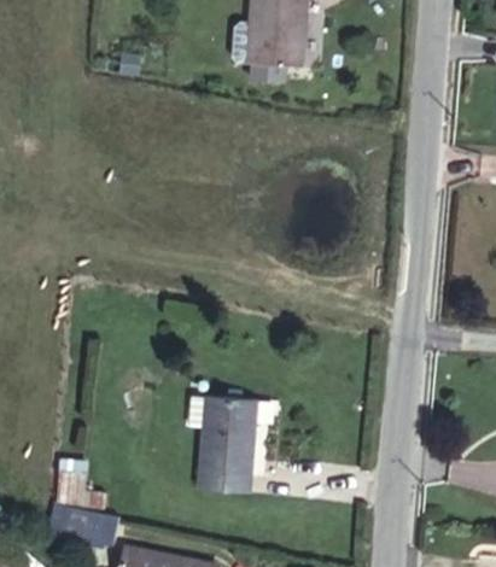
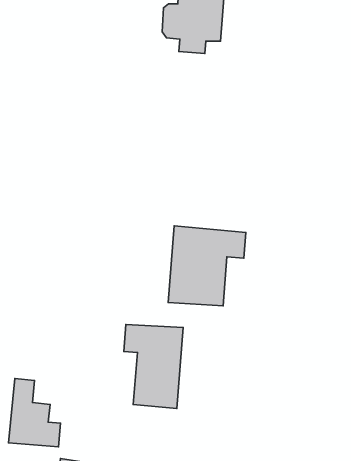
building: none -> [168,226,246,306]

